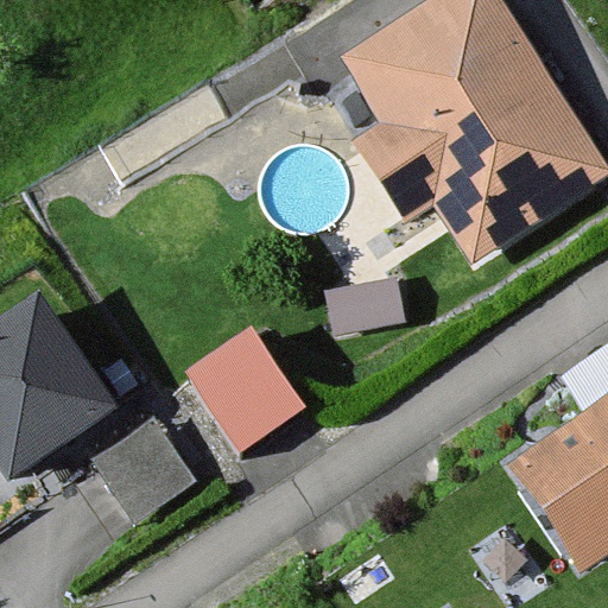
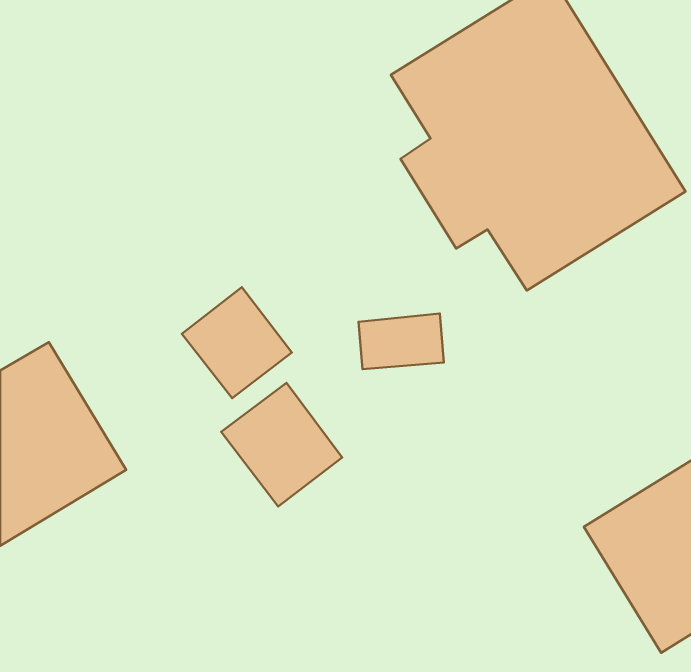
building: none -> [182,287,292,398]
building: [90,419,188,518] -> none

